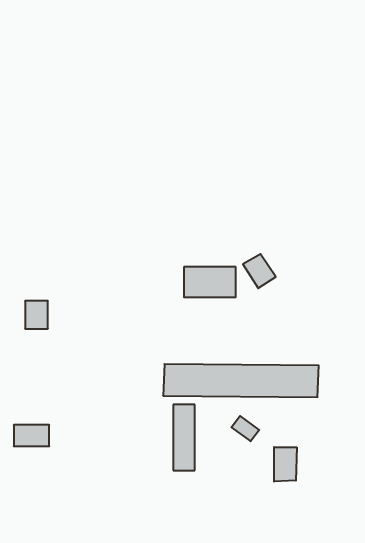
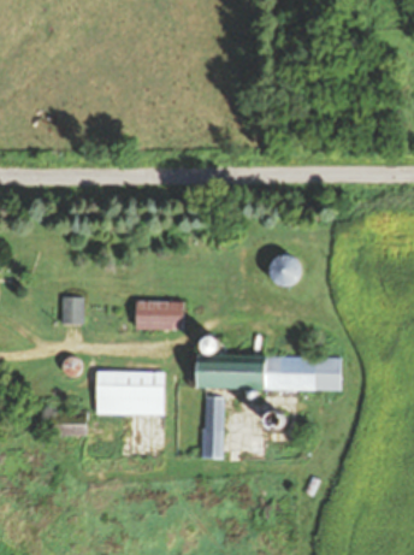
building: [184,267,236,297] -> [135,301,184,330]
building: none -> [96,371,165,415]
building: [274,447,297,482] -> none

